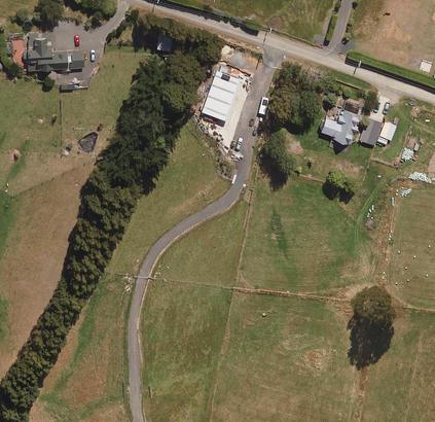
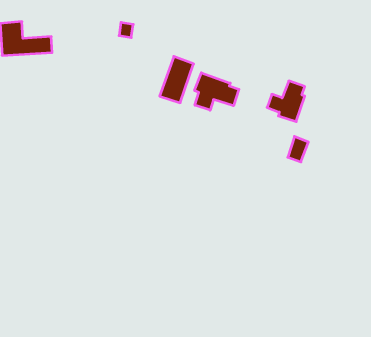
building: none -> [195,73,239,110]
building: [359,118,382,146] -> [288,136,308,162]

